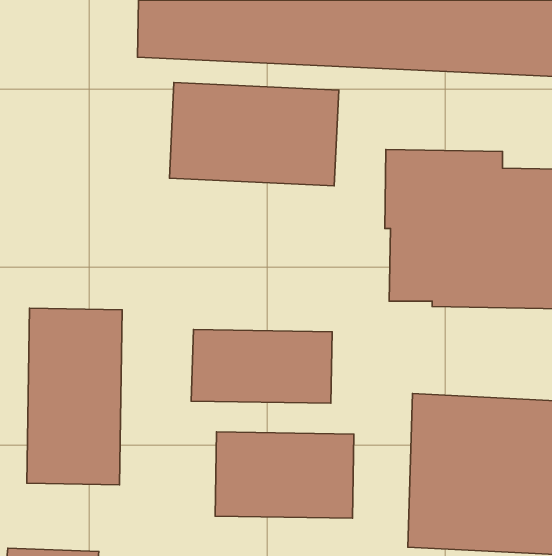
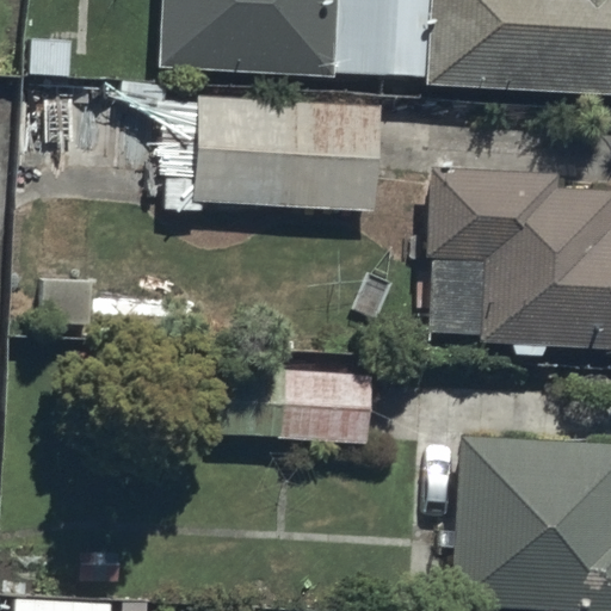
building: [27,308,122,485] -> none
building: [215,432,354,518] -> none

